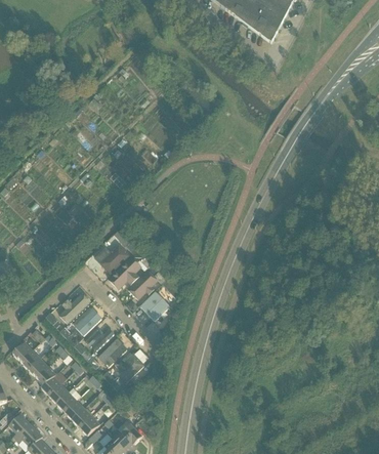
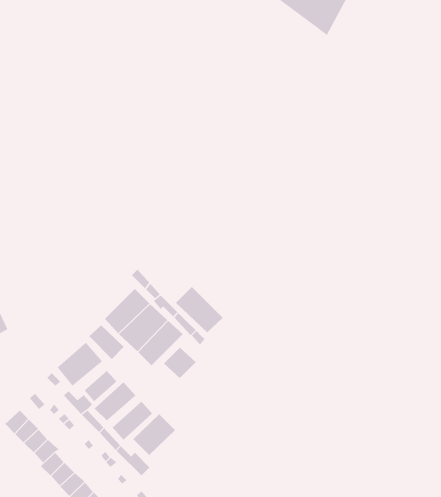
building: none -> [175,286,224,333]
building: none -> [88,325,125,360]

